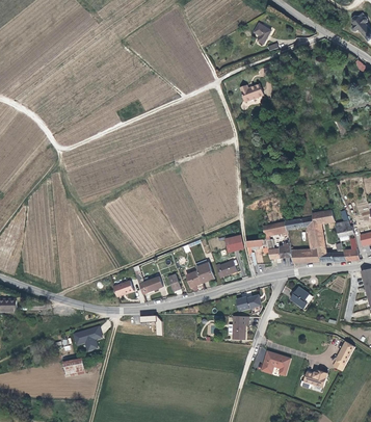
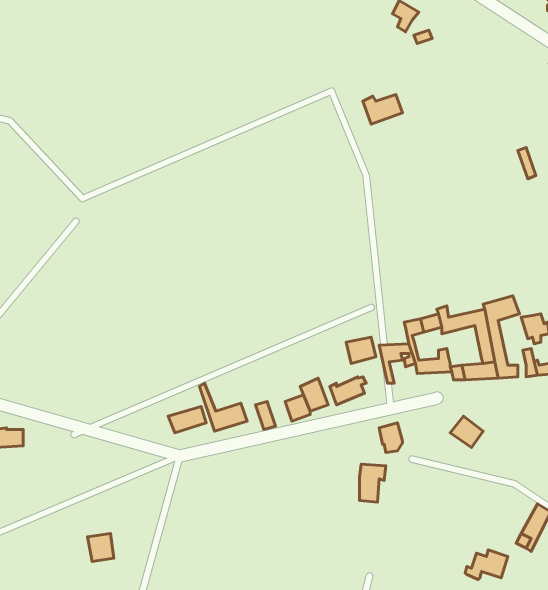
building: [74,325,103,350] -> none
building: [261,350,291,374] -> none

